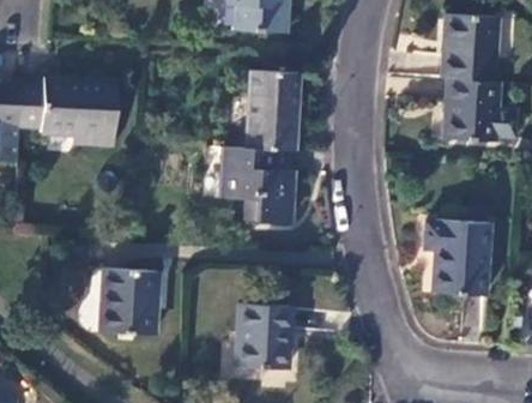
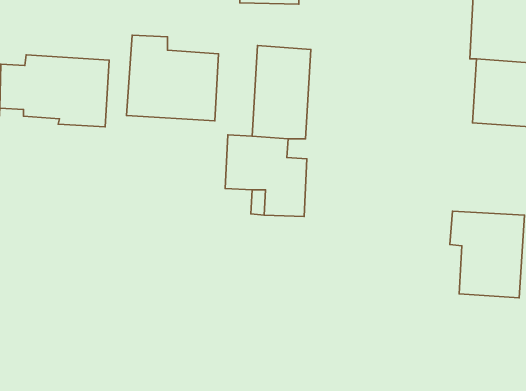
building: none -> [127,35,219,121]
building: [101,269,159,336] -> none
building: [237,303,291,369] -> none

